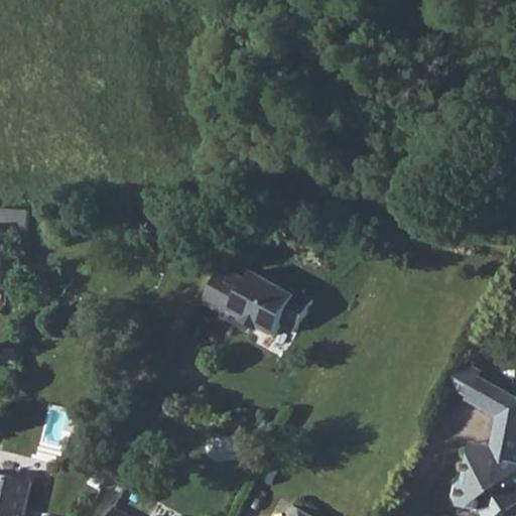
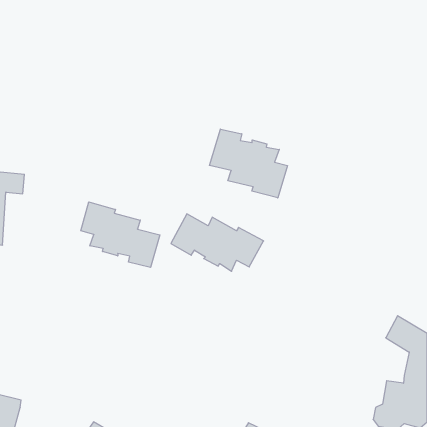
building: none -> [209,129,287,198]
building: none -> [81,202,160,267]

